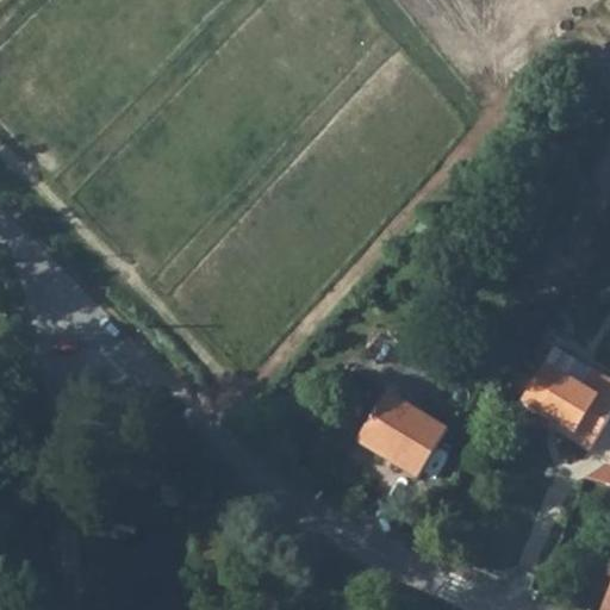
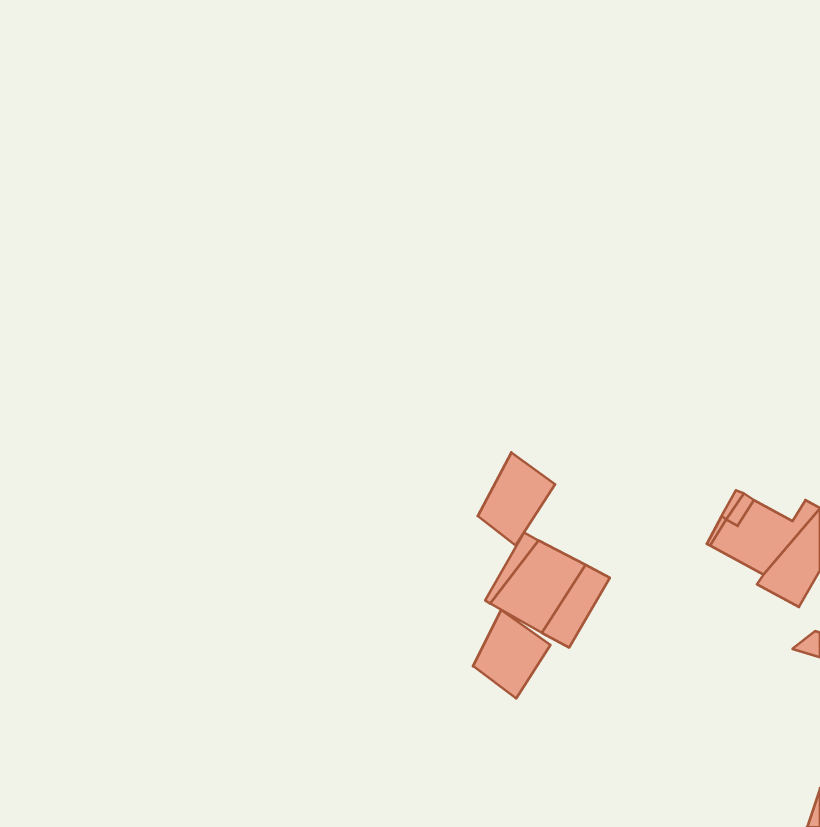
building: none -> [478,452,555,546]
building: none -> [473,610,550,698]

